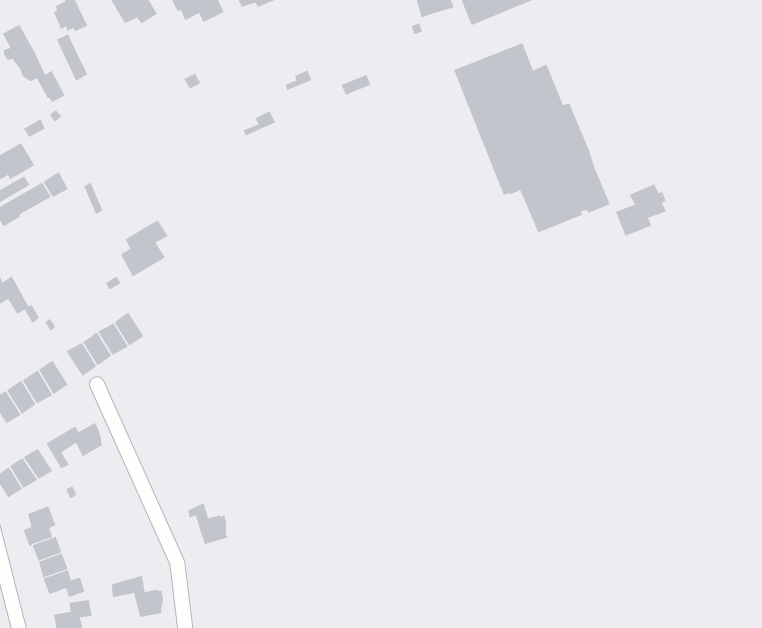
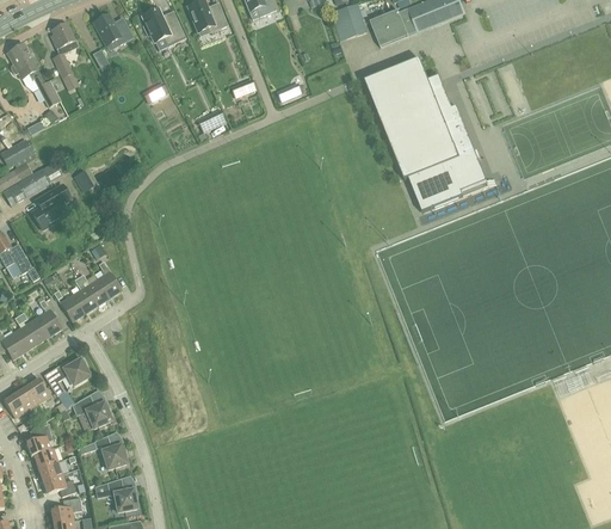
building: [615,183,667,236] -> none
building: [120,220,169,277] -> [31,183,69,228]
building: none -> [70,393,110,427]
building: [187,503,228,545] -> [93,435,125,468]

